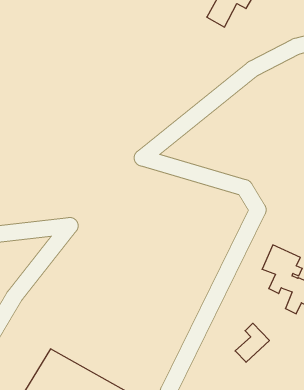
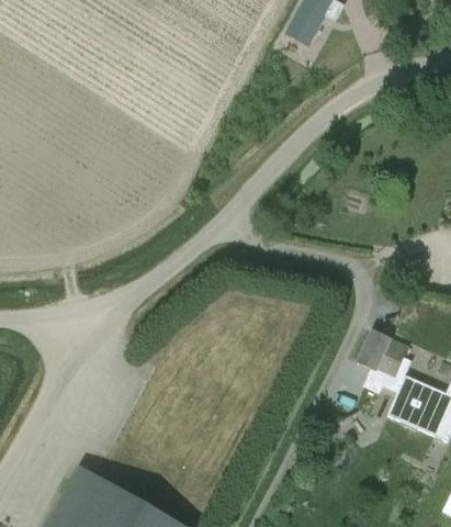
building: [235,323,269,362] -> none

